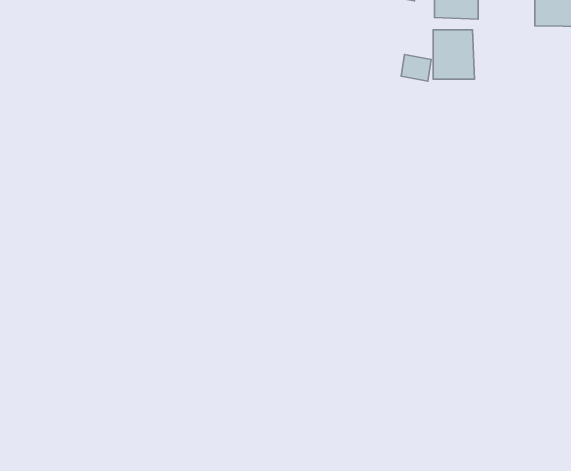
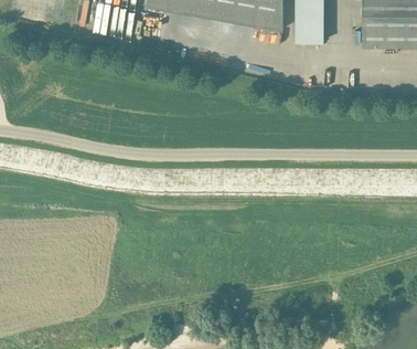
building: [433,30,475,79] -> none

